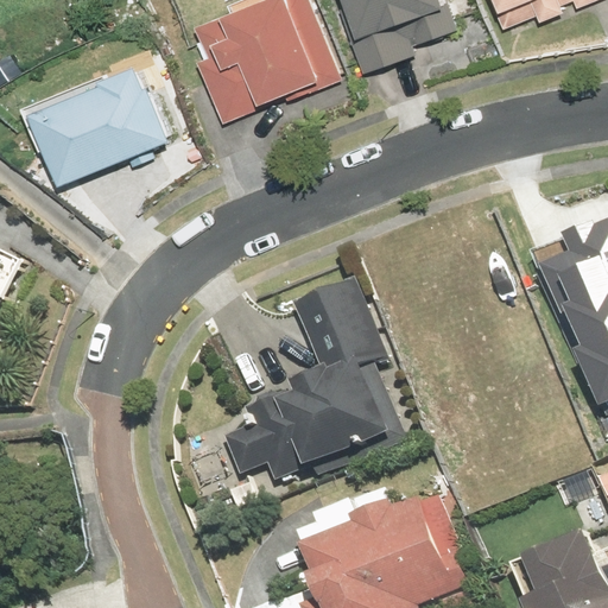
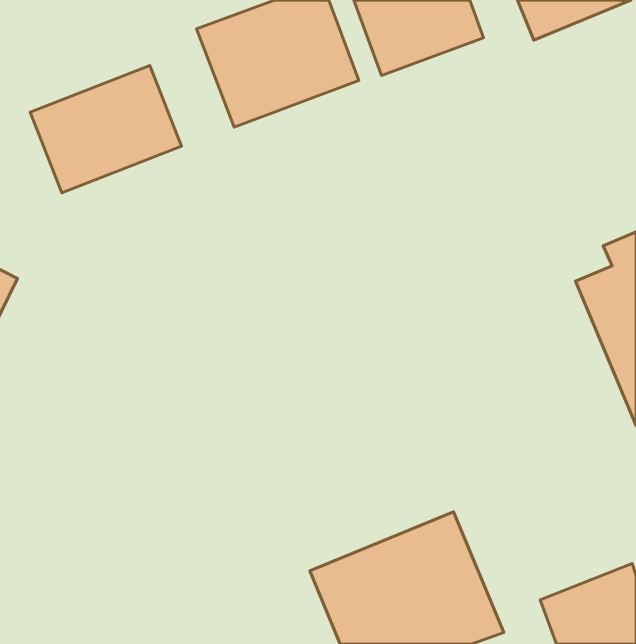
building: [226,277,405,487] -> none

